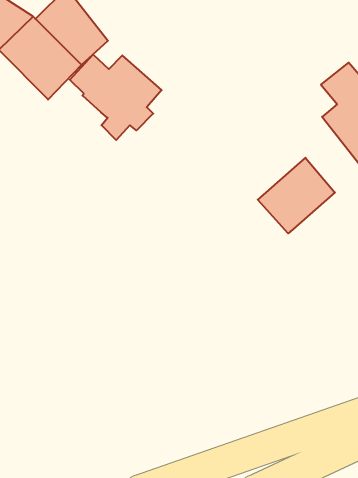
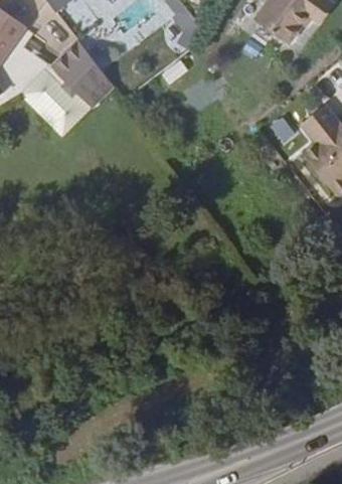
building: [70,54,162,140] -> none
building: [258,158,335,233] -> none

